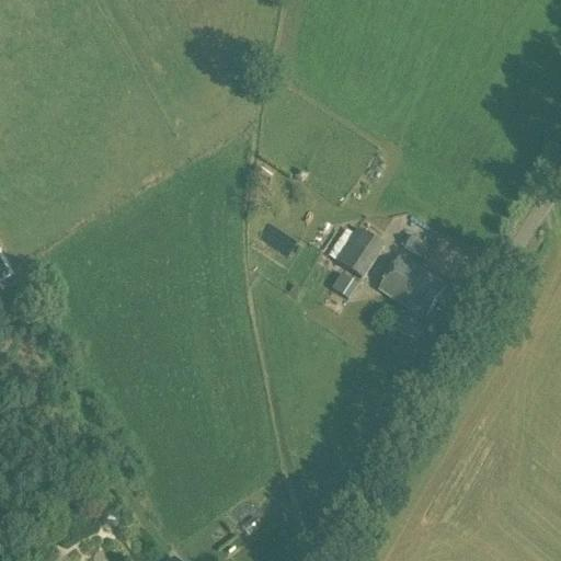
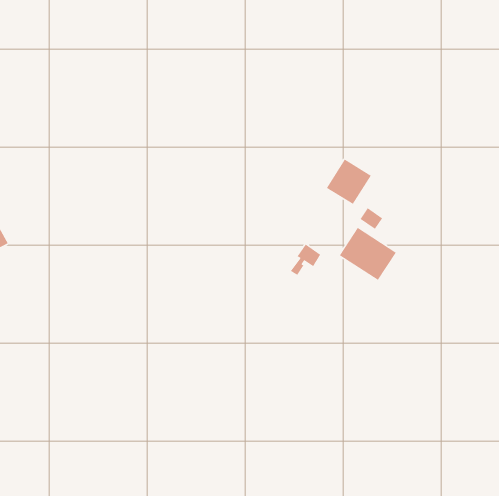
building: [332,225,383,276] -> [326,159,372,205]

